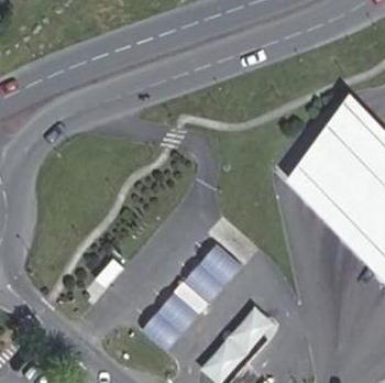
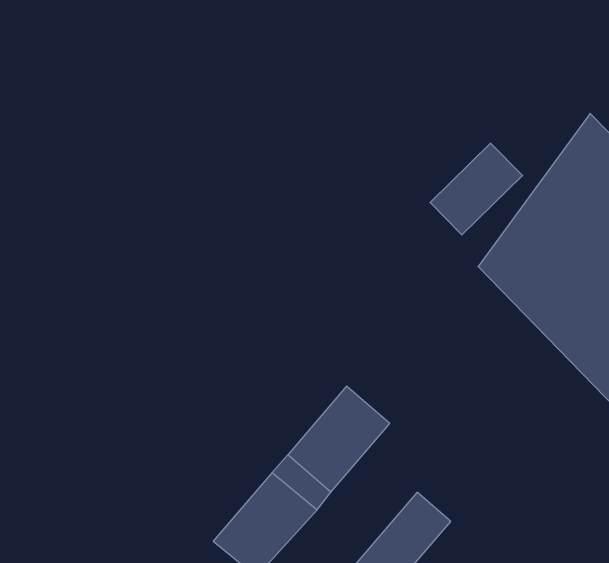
building: none -> [430,143,523,235]

